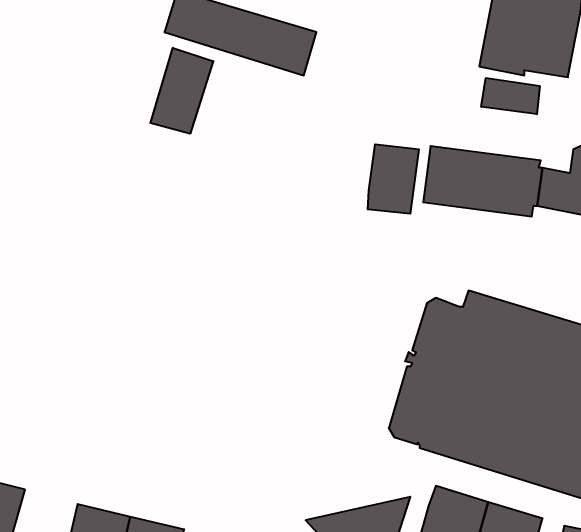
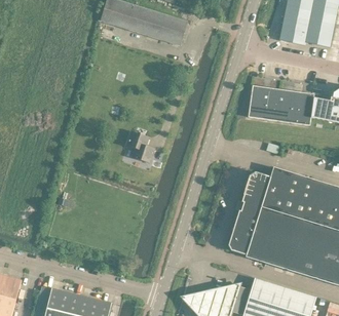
building: [150,48,213,134] -> none
building: [481,78,540,114] -> none
building: [368,144,419,214] -> none
building: none -> [126,130,153,162]

